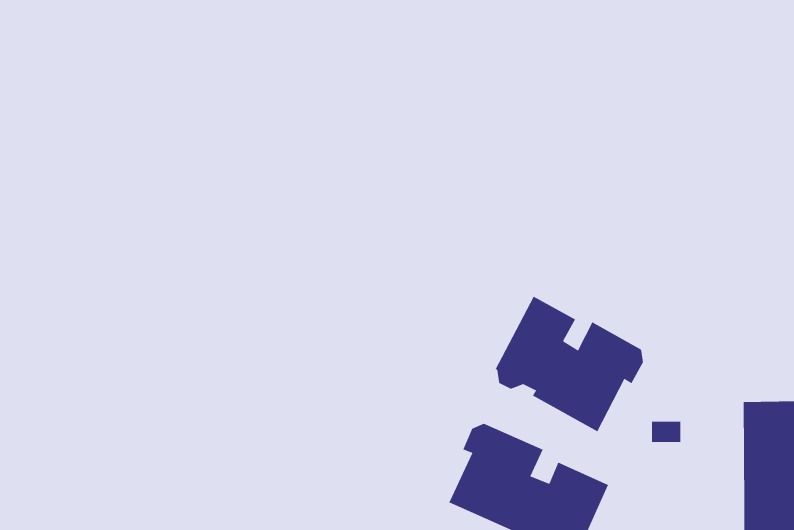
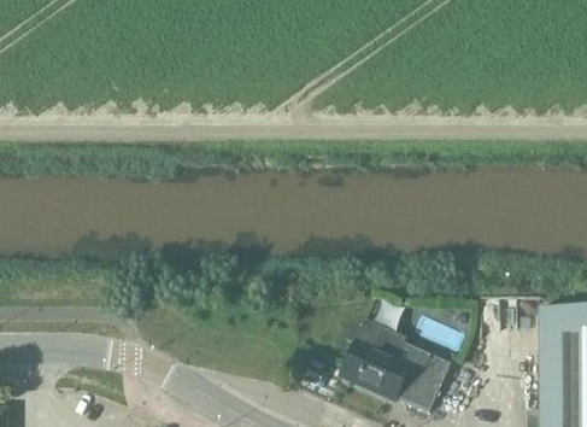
building: [495,296,644,432] -> none

